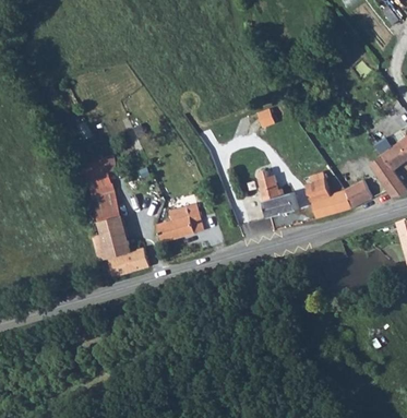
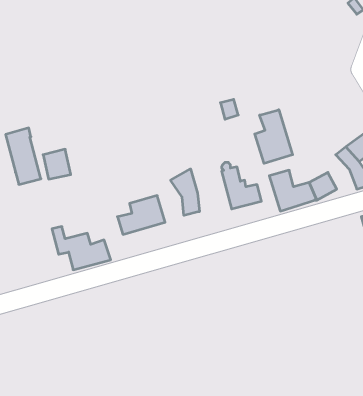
building: none -> [255,110,293,163]
building: none -> [171,169,199,215]
building: [92,190,127,246] -> [6,128,41,184]

